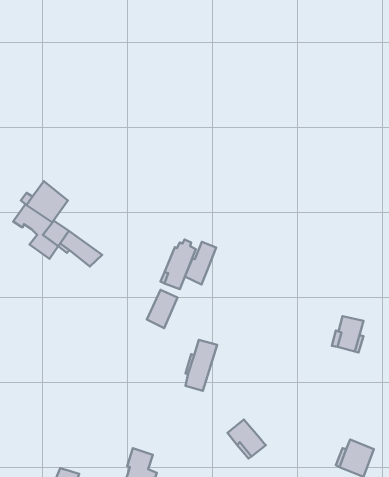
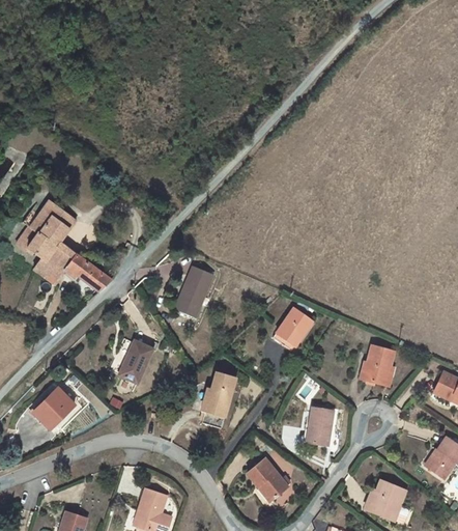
building: [185,242,216,284] -> none
building: none -> [274,308,313,346]
building: [147,290,178,328] -> [120,341,153,383]
building: none -> [34,387,75,429]
building: none -> [307,408,335,446]

